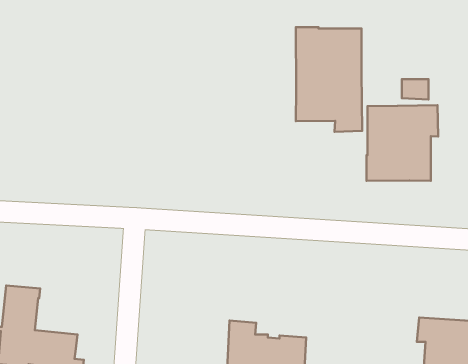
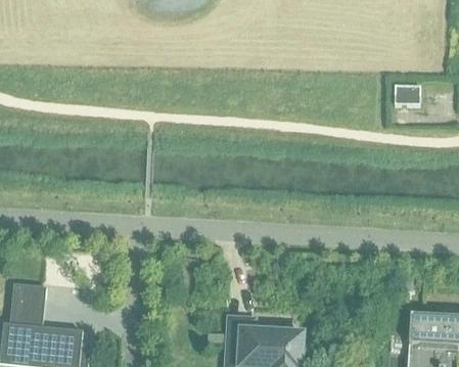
building: [296,27,362,132] -> none
building: [366,105,438,181] -> none

